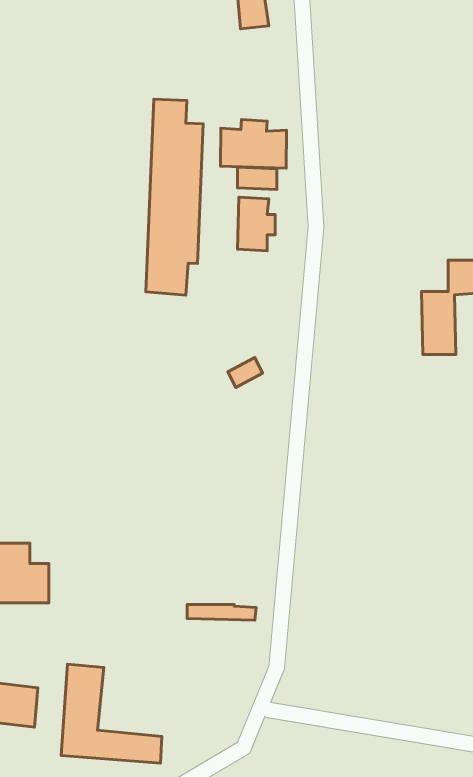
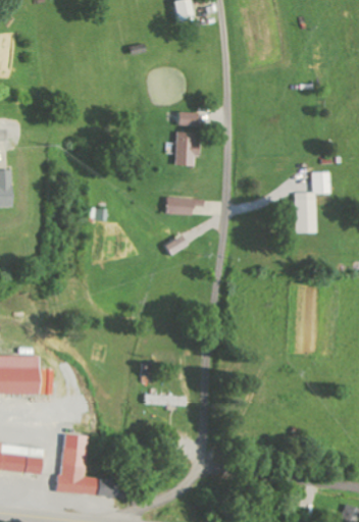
building: [146,99,203,295] -> none
building: [221,120,287,168] -> none
building: none -> [166,197,204,213]

